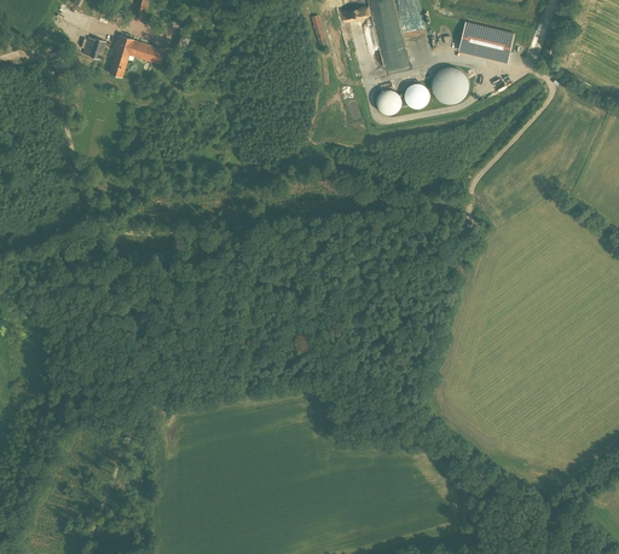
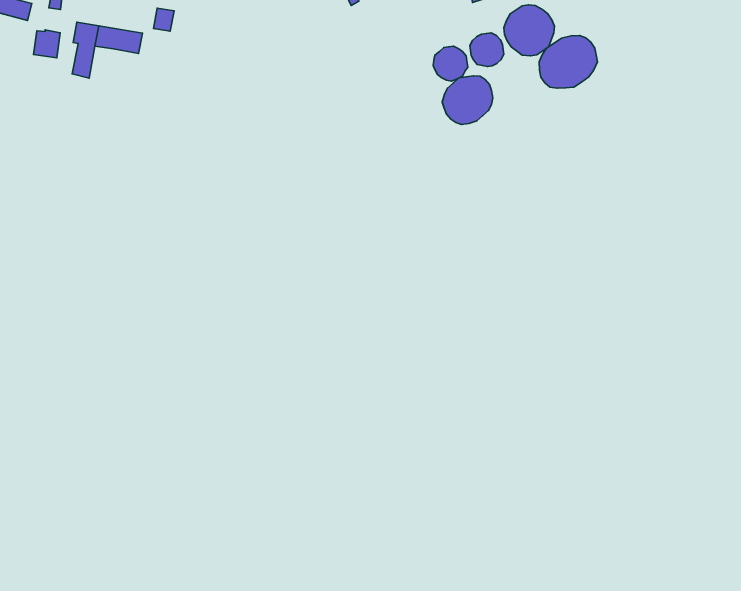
building: none -> [539,35,597,88]
building: none -> [442,76,493,125]

